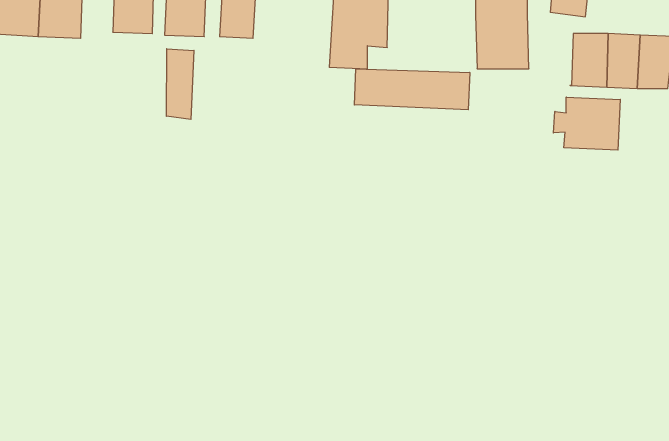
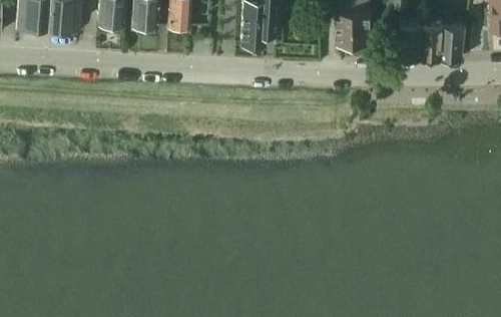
building: [166,49,194,119] -> none
building: [354,69,470,110] -> none
building: [553,97,620,150] -> none

